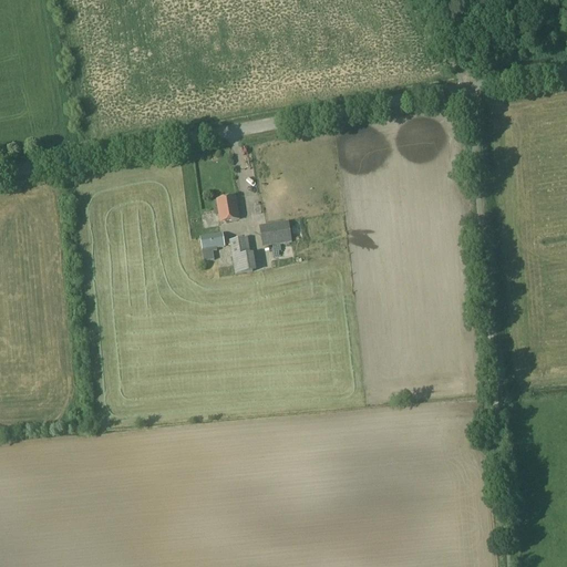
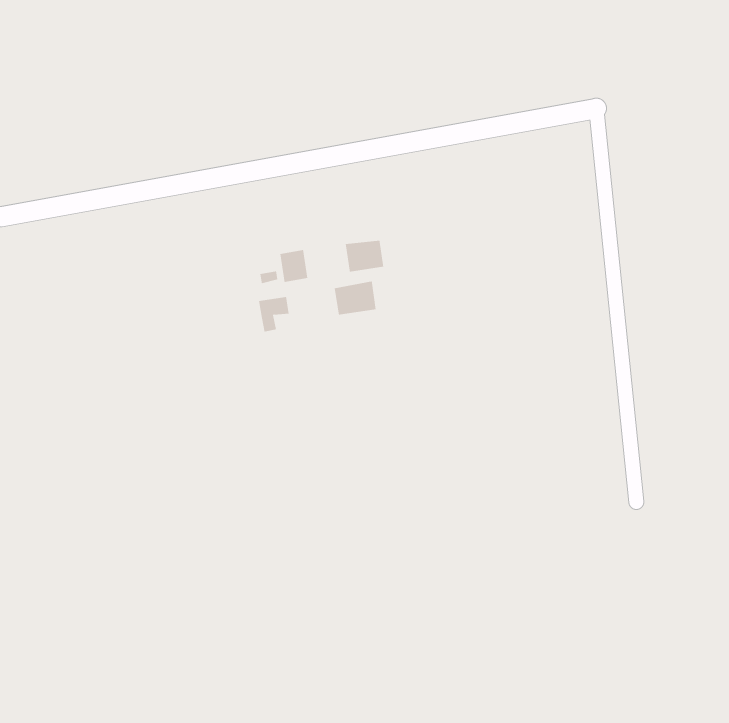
building: none -> [345,240,384,272]
building: [230,235,254,271] -> none

